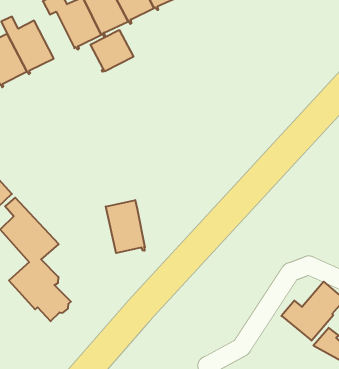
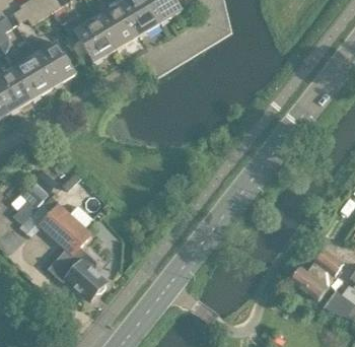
building: [91,30,133,72] -> none
building: [106,200,145,253] -> none

